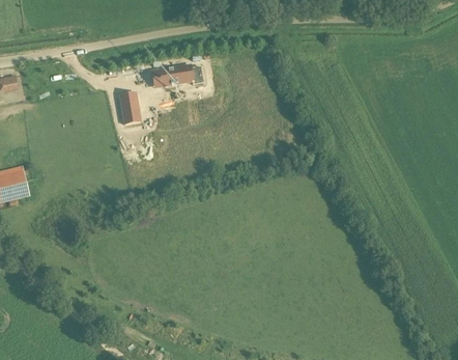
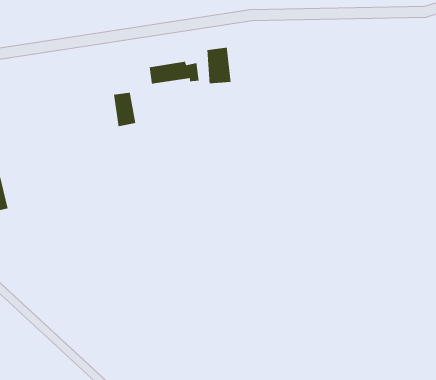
building: none -> [207,47,231,84]

